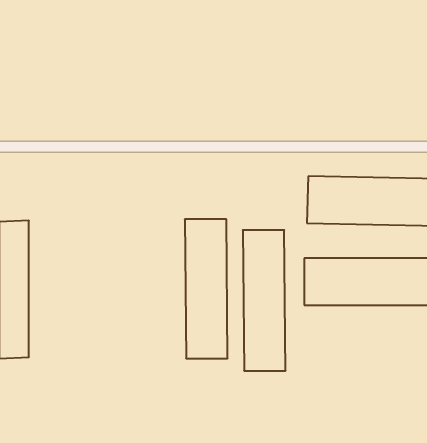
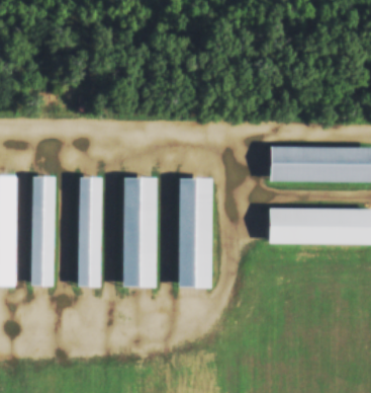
building: none -> [78,177,101,284]
building: [243,230,286,371] -> [123,179,157,289]

